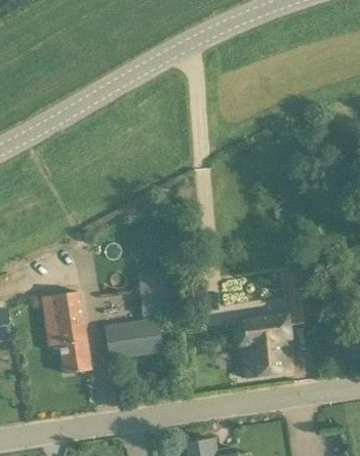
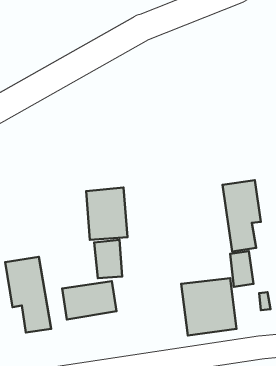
building: none -> [223,180,261,252]
building: none -> [86,188,127,240]

